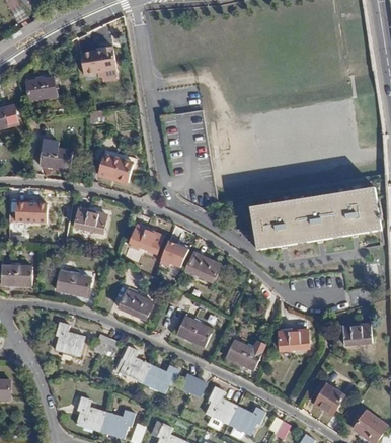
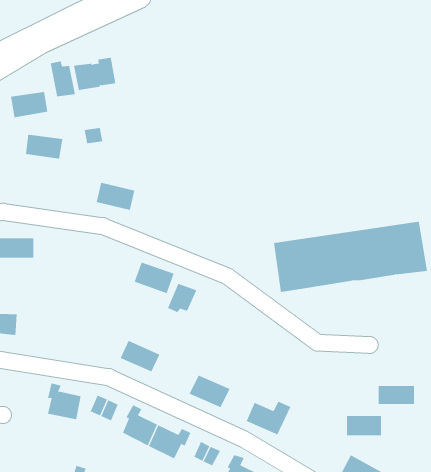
building: none -> [50,61,76,97]
building: [38,148,71,169] -> [25,134,63,159]
building: [76,208,108,231] -> none
building: [186,255,220,283] -> none
building: [61,274,93,297] -> none
building: [280,329,310,346] -> [346,416,382,436]

